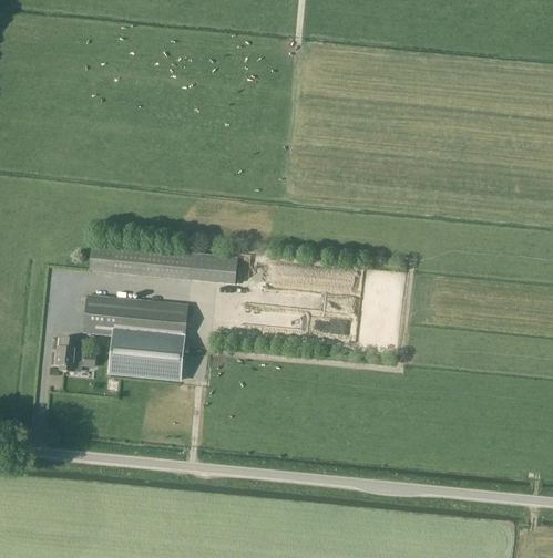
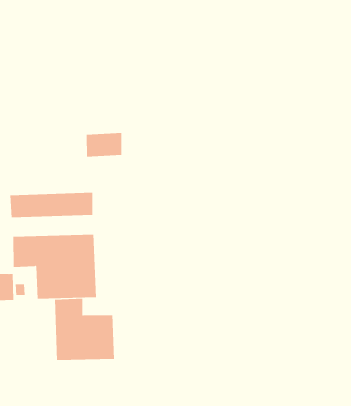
building: [191,252,238,283] -> [86,132,122,157]
building: none -> [55,298,115,361]

